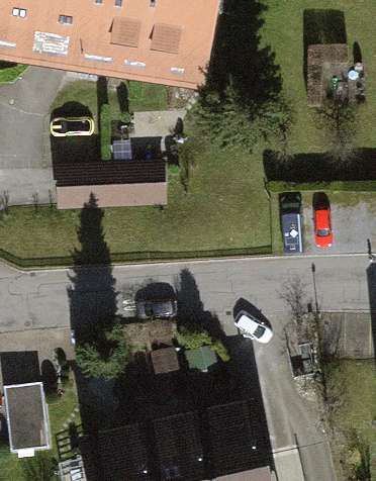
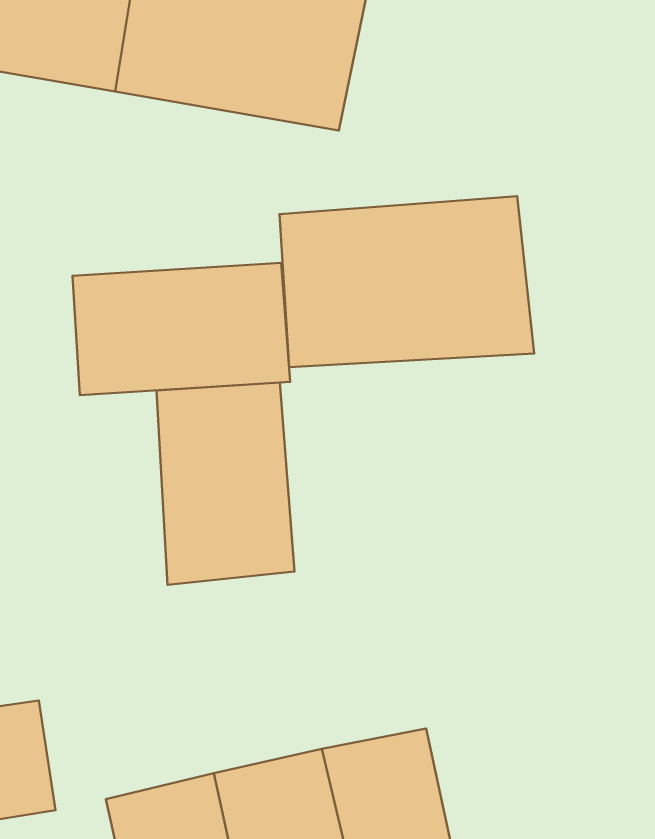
building: none -> [280,196,534,367]
building: none -> [157,383,294,585]

